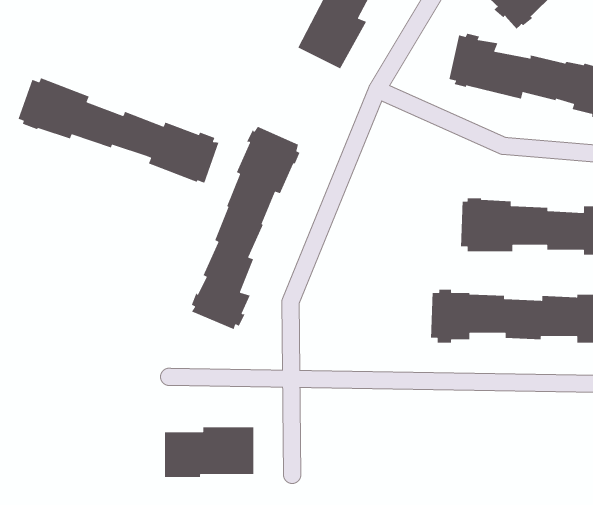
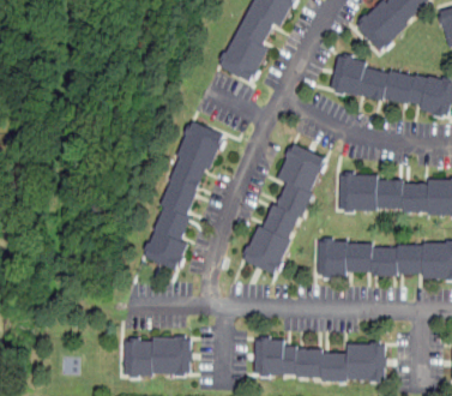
building: [18,77,220,184] -> none
building: none -> [242,145,324,274]
building: none -> [254,340,384,382]

